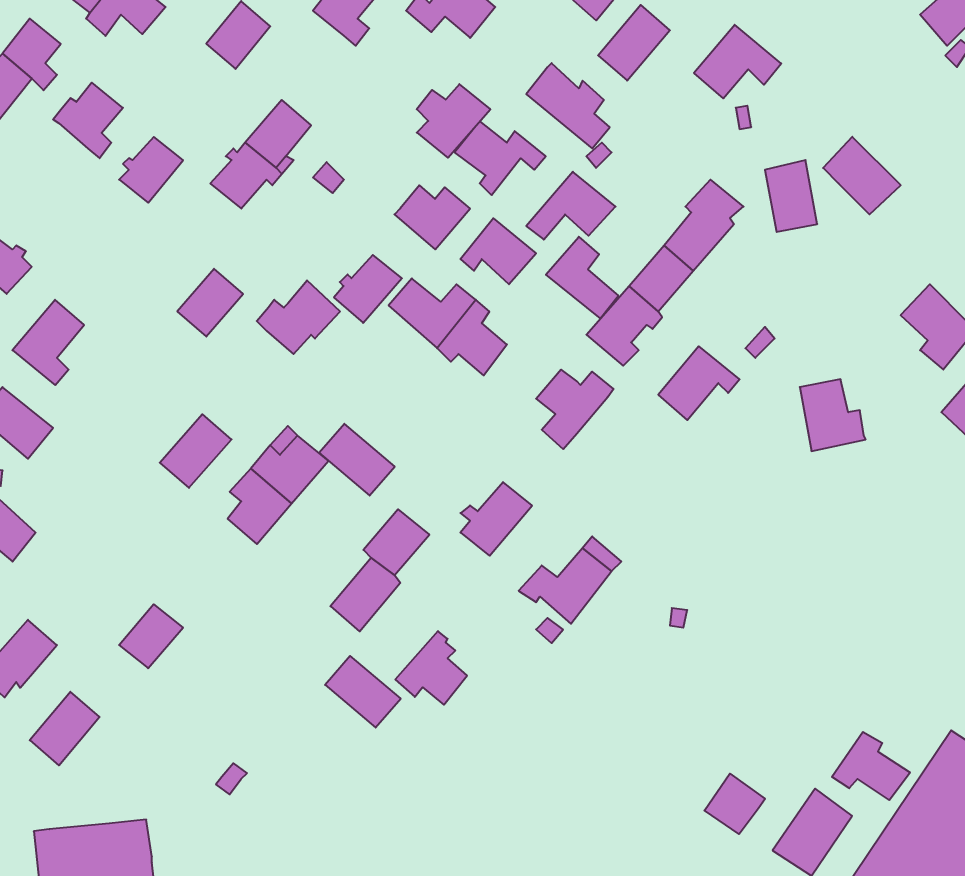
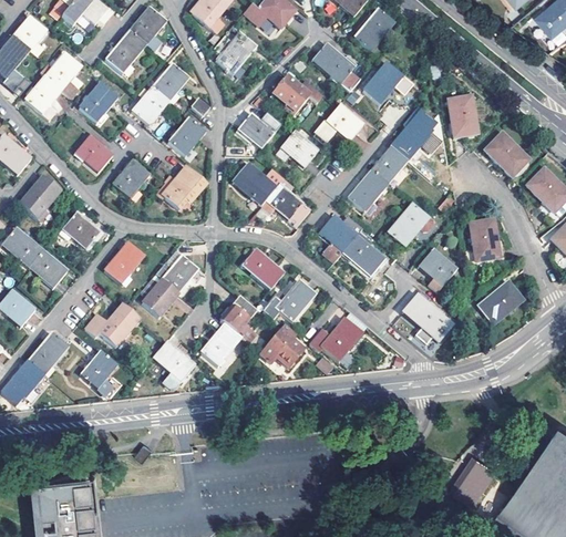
building: [694,25,781,98] -> [363,61,413,103]
building: none -> [105,30,146,72]
building: [417,84,490,158] -> [215,31,257,73]
building: none -> [25,75,62,118]
building: [823,137,901,214] -> [484,132,528,176]
building: none -> [74,133,112,172]
building: [546,237,618,319] -> none
building: [334,255,402,323] -> [167,116,206,155]
building: none -> [60,211,99,249]
building: none -> [341,231,383,276]
building: [319,424,395,496] -> [240,248,284,289]
building: none -> [418,248,456,292]
building: none -> [28,249,66,287]
building: none -> [477,280,522,323]
building: none -> [403,295,445,334]
building: none -> [83,302,138,344]
building: [395,631,467,705] -> [260,323,301,365]
building: [325,656,401,728] -> [151,339,194,380]
building: [30,692,100,765] -> [28,331,68,373]
building: [832,732,910,800] -> none
building: [704,774,765,834] -> none

